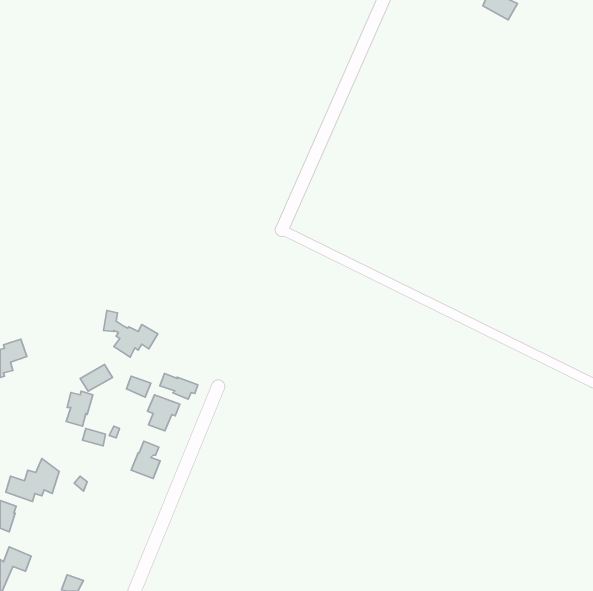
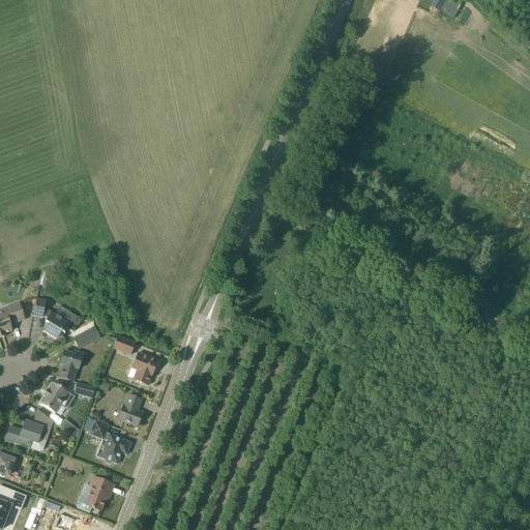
building: [103,311,158,357] -> [33,297,82,338]
building: [160,374,198,399] -> none
building: none -> [39,381,67,412]
building: none -> [89,419,130,463]
building: none -> [77,475,114,511]

